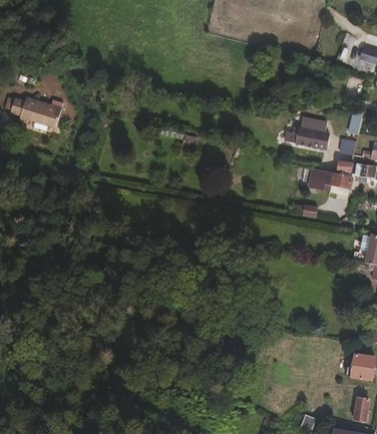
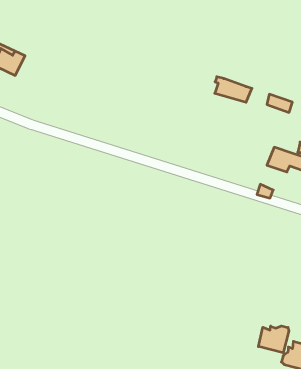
building: [293,127,329,148] -> [215,77,252,102]
building: none -> [258,326,289,353]

